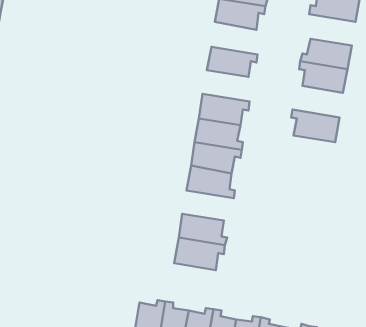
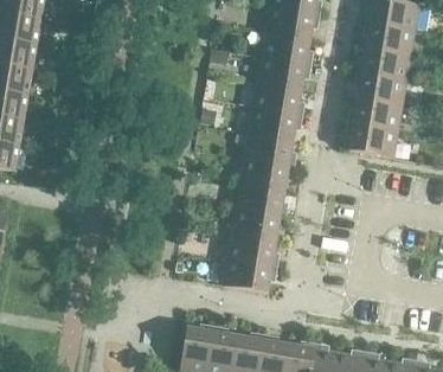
building: none -> [362,23,413,56]
building: none -> [262,31,312,65]
building: none -> [252,82,303,115]
building: none -> [347,98,400,132]
building: none -> [231,209,285,240]

